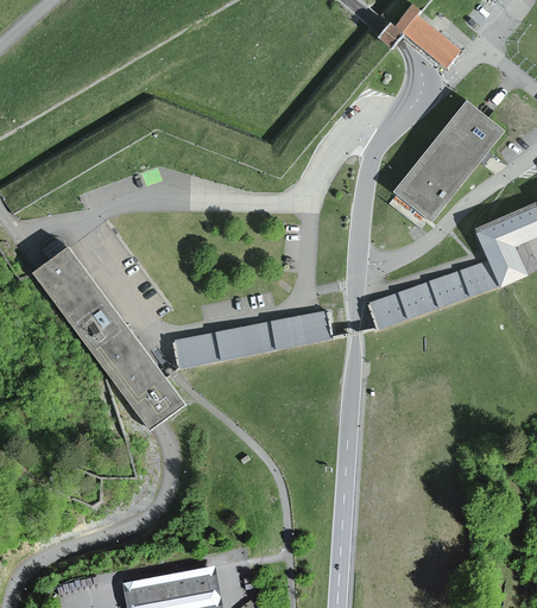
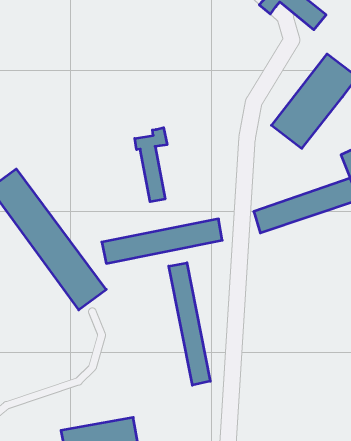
building: none -> [135,128,167,202]
building: none -> [169,263,210,385]

